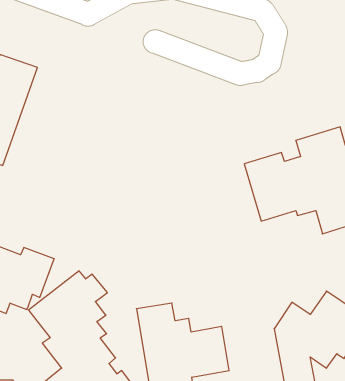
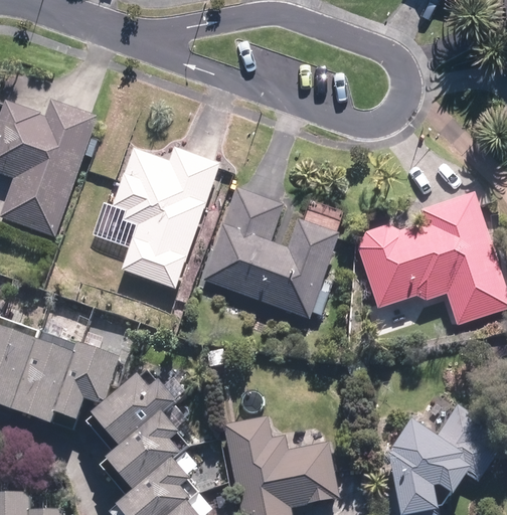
building: none -> [111,147,217,291]
building: none -> [200,188,349,319]

